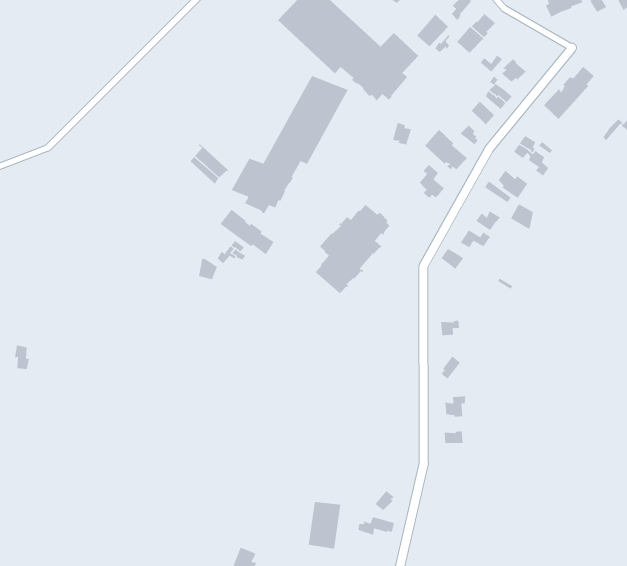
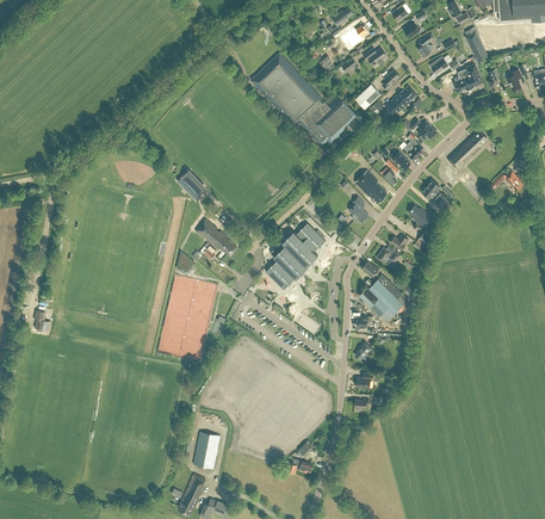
building: [231,75,349,214] -> none
building: none -> [359,274,408,322]
building: [308,502,341,549] -> [193,432,221,469]

